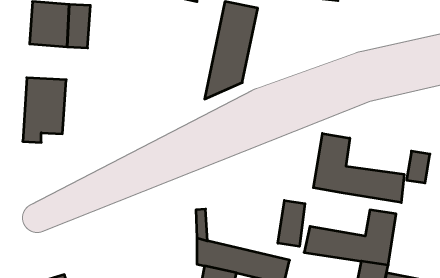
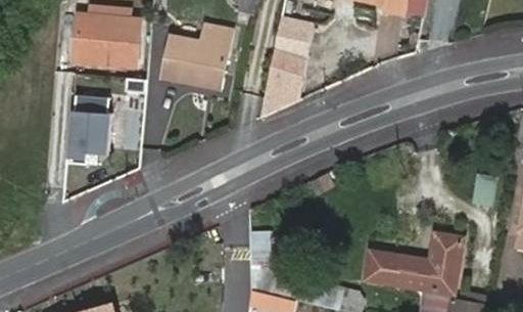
building: none -> [162,37,226,87]
building: [313,133,404,203] -> none
building: [278,200,305,246] -> none

